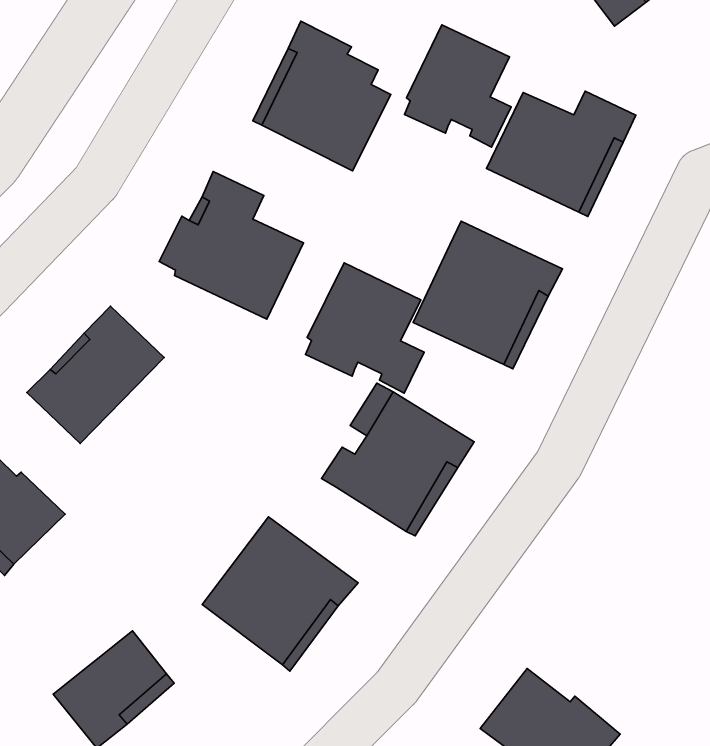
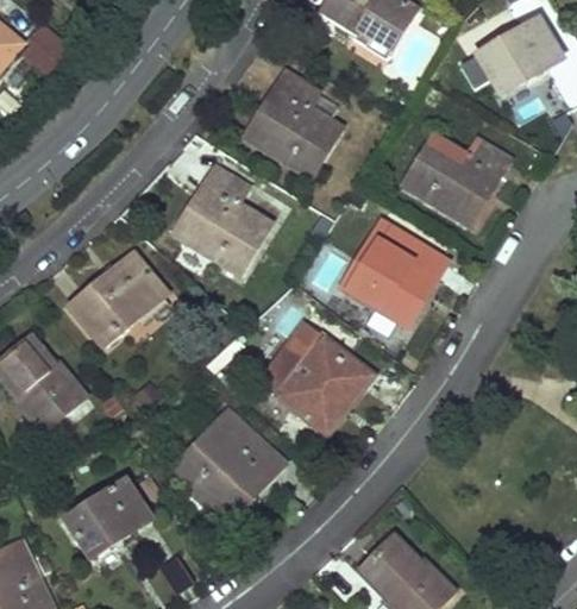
building: [404,25,511,147] -> none
building: [306,263,424,393] -> none

